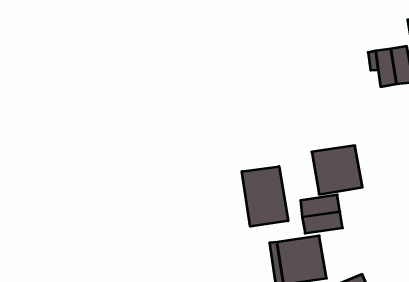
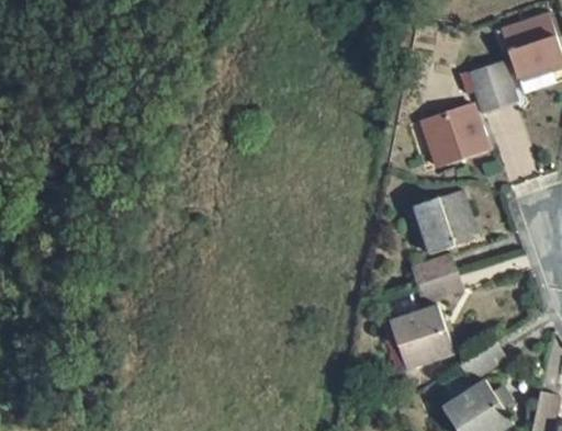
building: none -> [422,101,488,167]
building: [242,166,288,226] -> none

